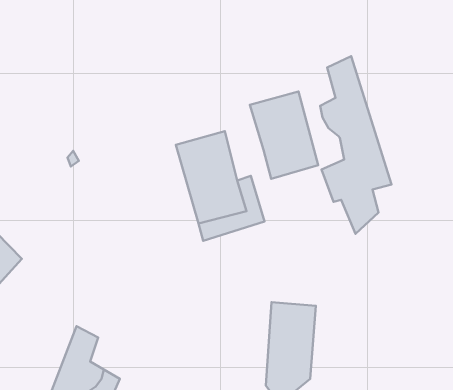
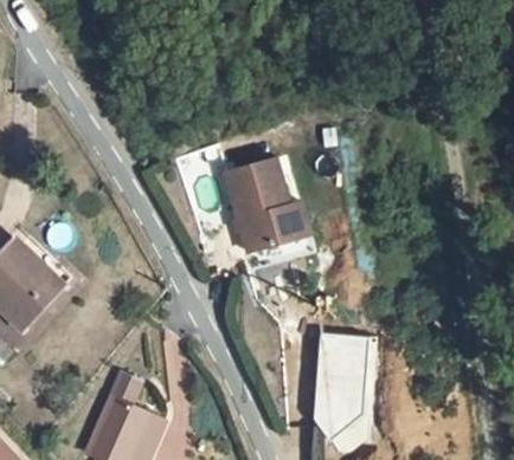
building: [320,56,392,234] -> none
building: [250,91,318,179] -> none

